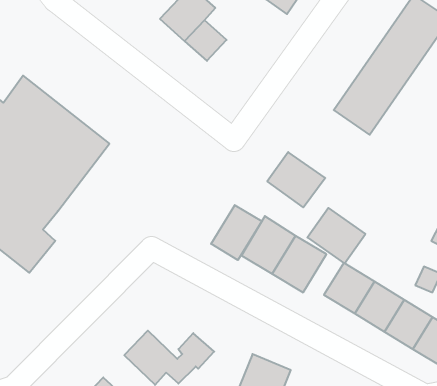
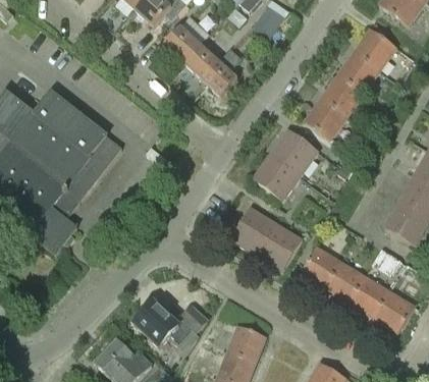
building: none -> [201,48,239,97]
building: [211,205,262,260] -> none
building: [307,208,365,263] -> [268,129,316,175]

